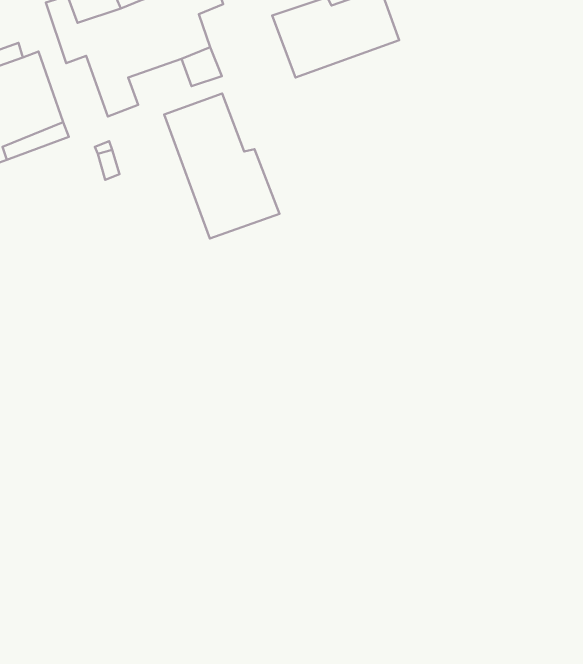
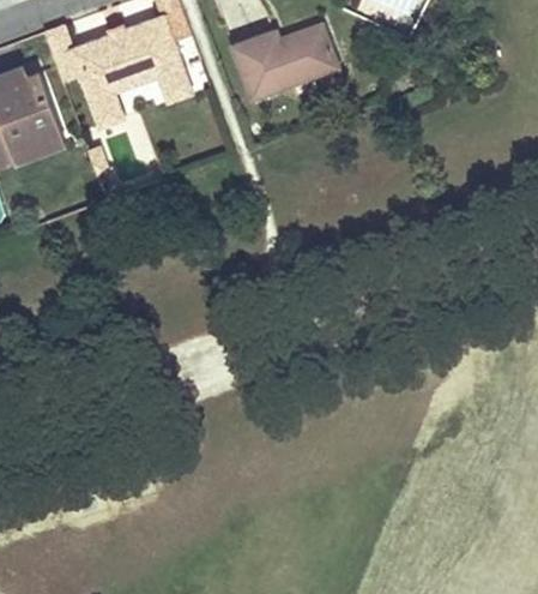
building: [164,93,279,238] -> none

